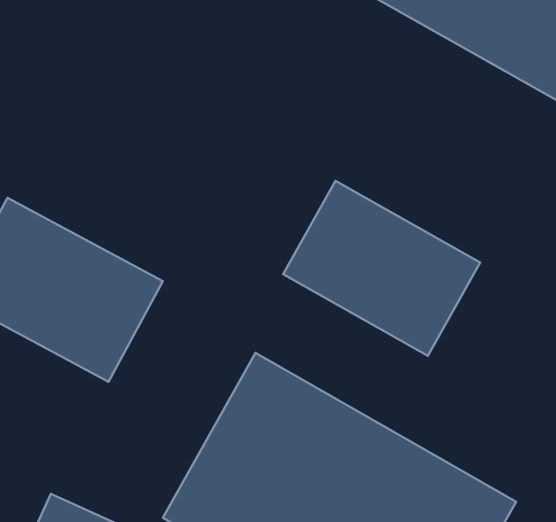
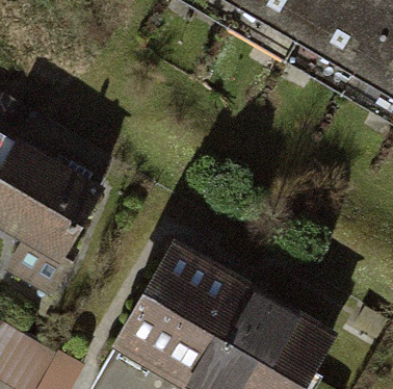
building: [283,181,480,356] -> none

